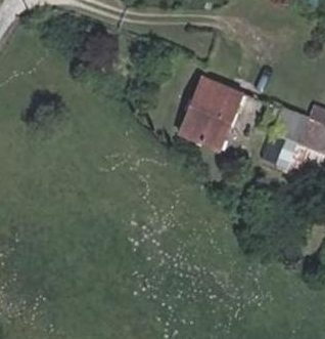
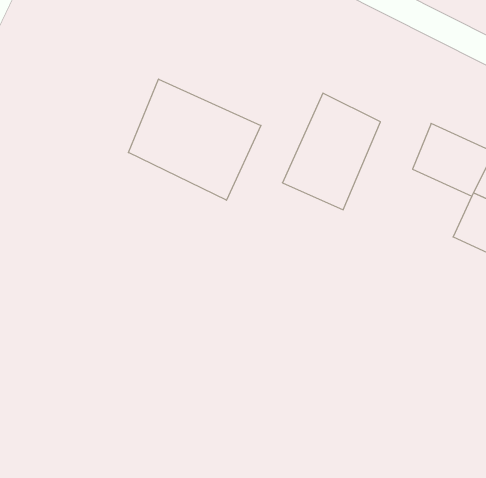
building: none -> [128,79,261,200]

